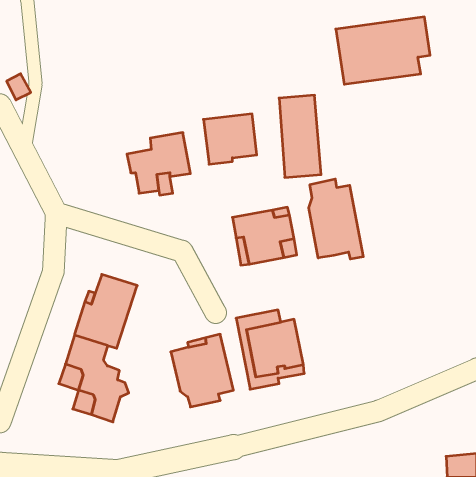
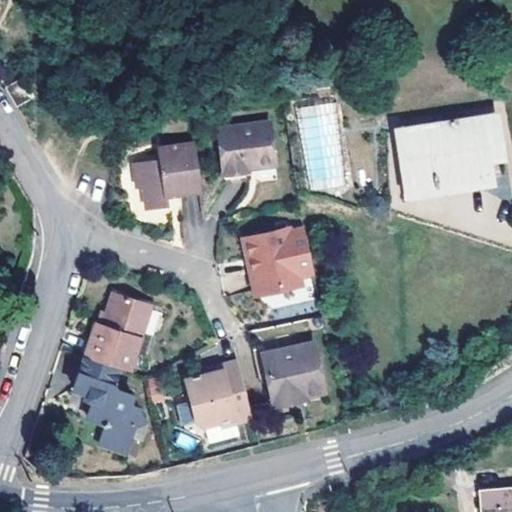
building: [336,17,430,84] -> [400,116,501,188]
building: [309,179,363,259] -> none

